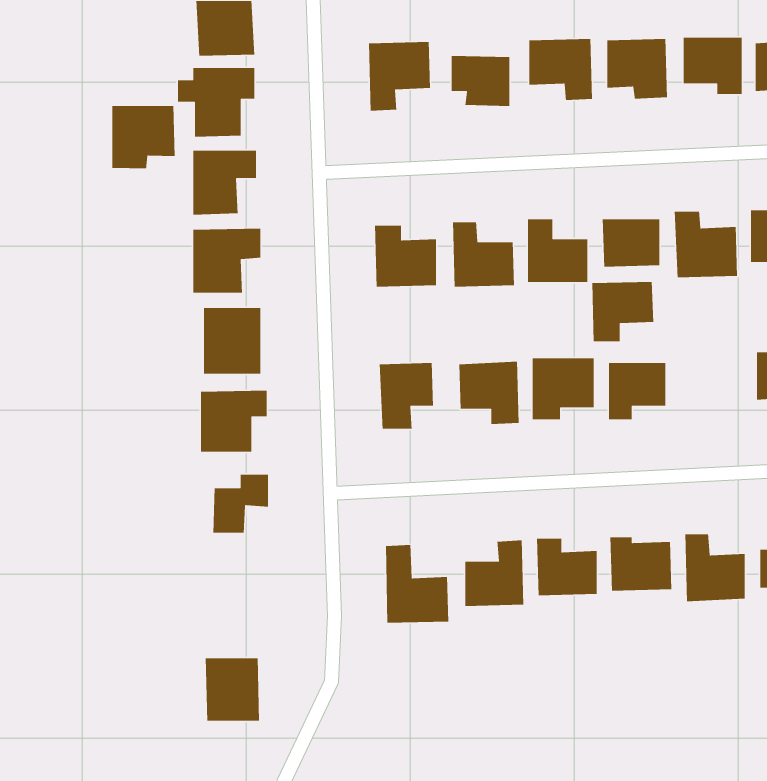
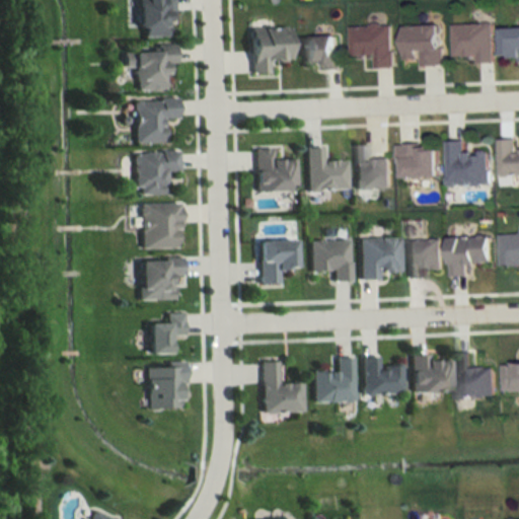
building: [112,105,176,169] -> none
building: [591,281,654,342] -> [459,236,501,277]
building: [205,657,260,722] -> [150,365,187,407]

